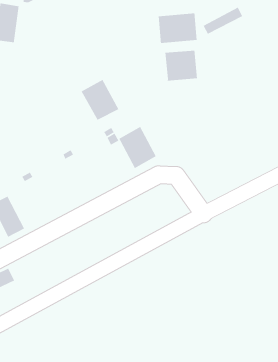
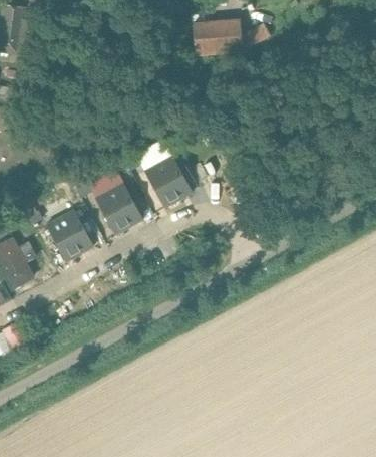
building: [164,50,198,81] -> none
building: [81,79,120,121] -> [96,181,143,232]
building: none -> [47,208,94,259]

